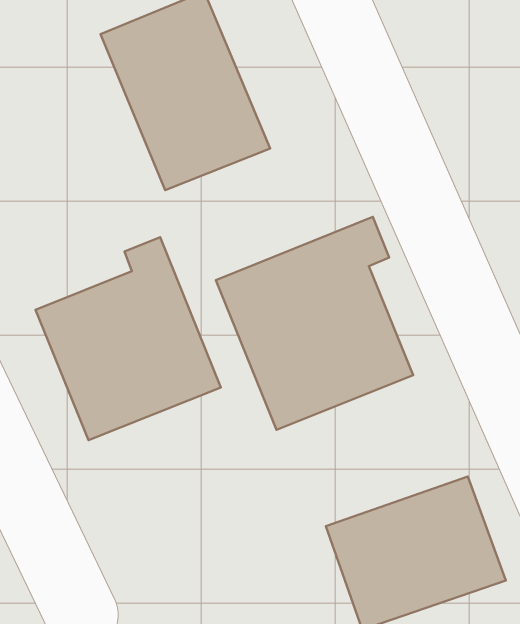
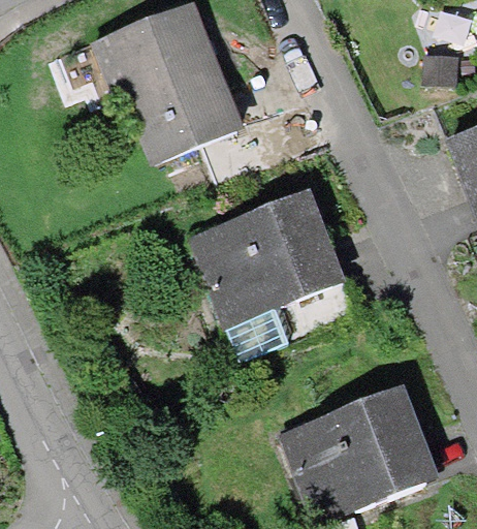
building: [35,237,221,440] -> none

